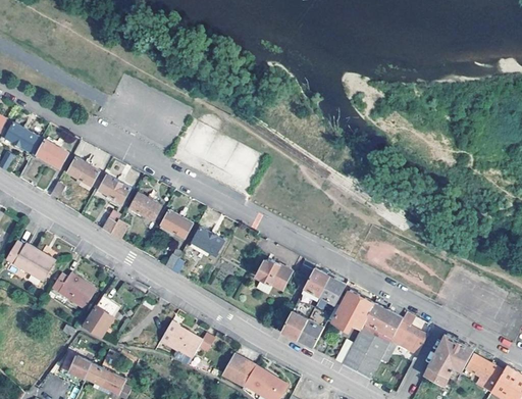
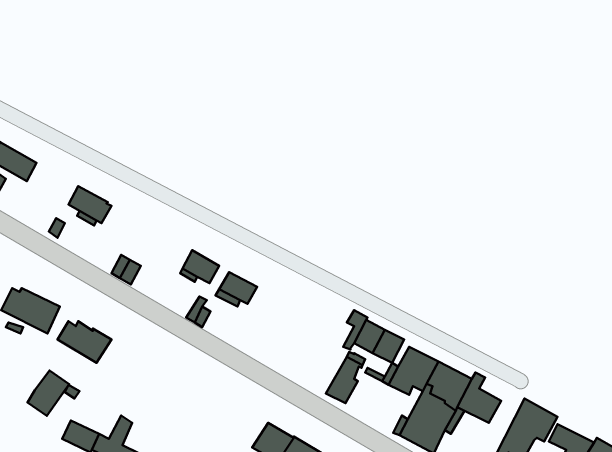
building: [30,138,68,168] -> none
building: [98,176,129,203] -> none
building: [128,193,160,220] -> none
building: [256,260,292,290] -> none
building: [84,297,118,335] -> [27,371,69,416]
building: [159,316,214,354] -> none
building: [297,319,323,347] -> none

